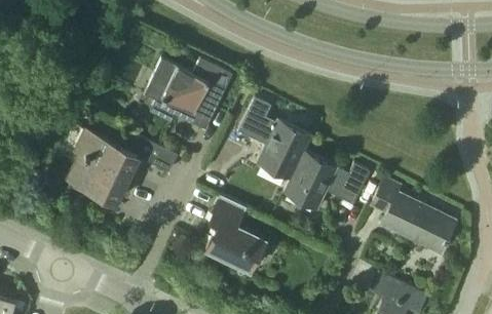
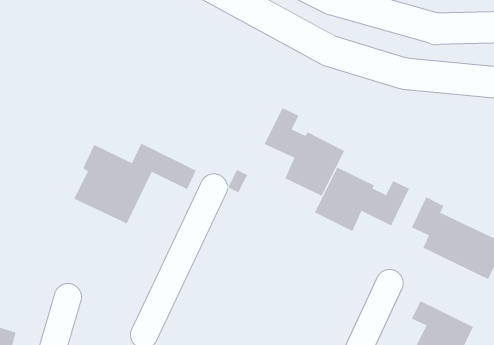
building: [140,60,226,130] -> none
building: [206,186,268,271] -> none

